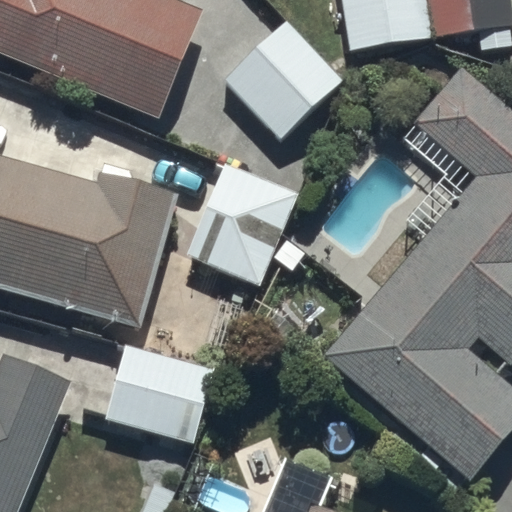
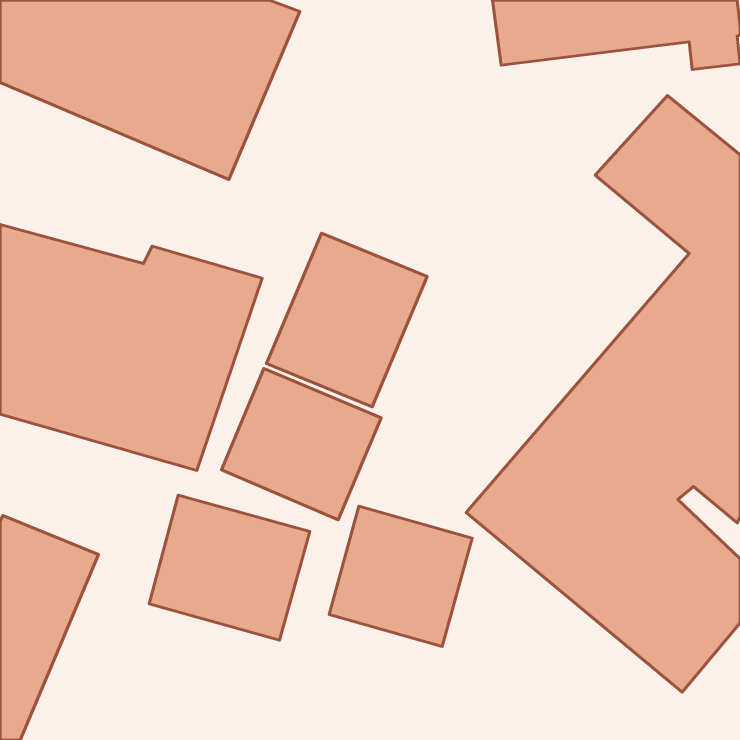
building: [221,20,339,137] -> none
building: none -> [221,369,381,520]
building: none -> [329,506,472,646]

